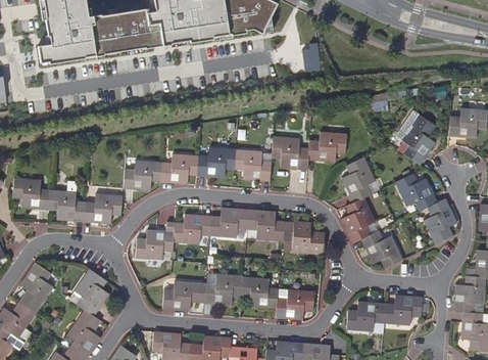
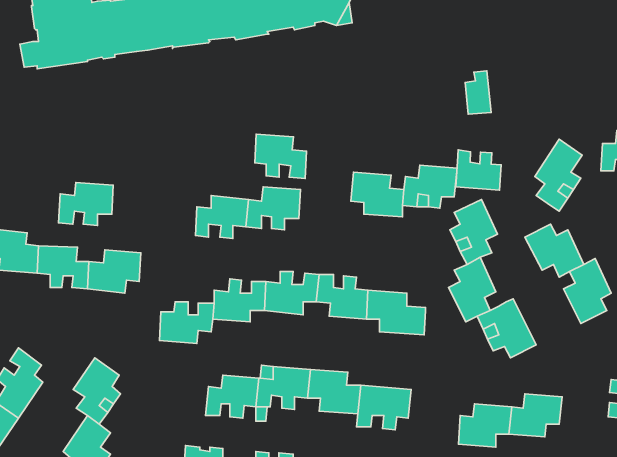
building: [302,42,321,73] -> [465,71,491,114]
building: none -> [456,150,501,190]
building: [235,149,272,181] -> [255,134,307,179]
building: [124,160,162,190] -> [59,182,113,226]

